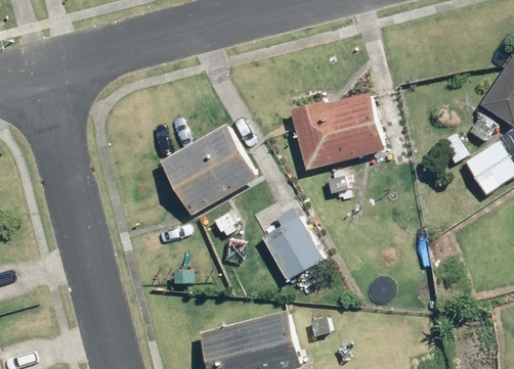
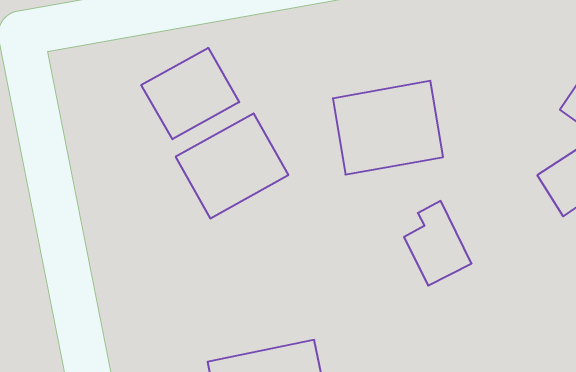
building: none -> [141,48,239,139]
building: [263,207,320,278] -> [404,201,472,286]

